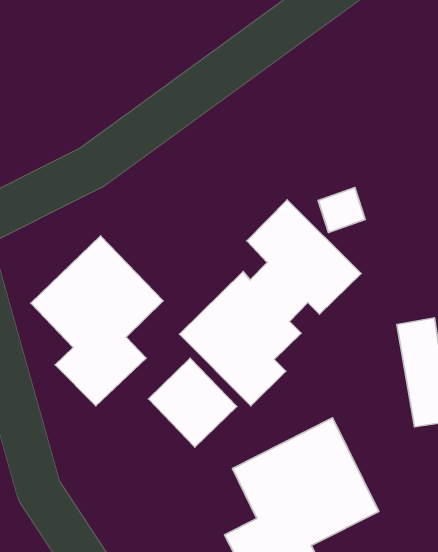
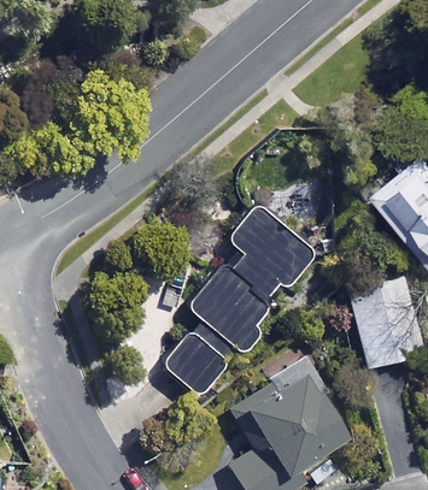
building: [31,236,163,406] -> none

